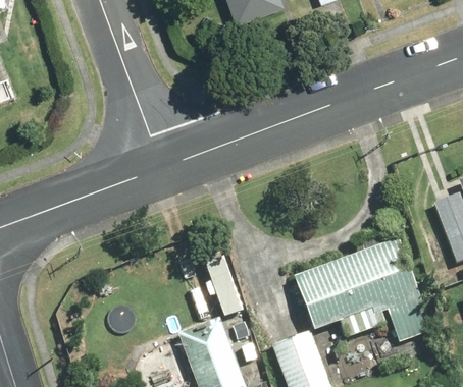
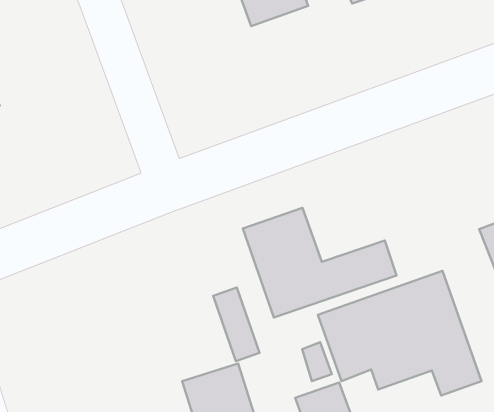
building: none -> [243,208,396,317]

